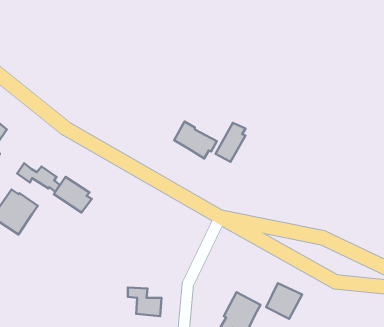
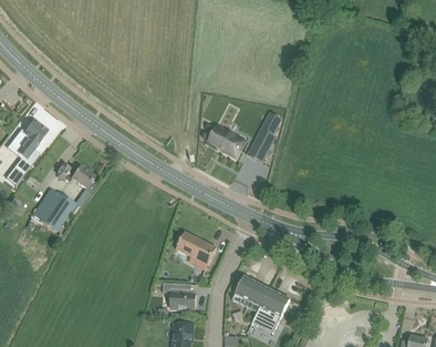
building: [54,177,92,213] -> none
building: none -> [176,231,216,268]
building: [266,283,302,319] -> [232,275,267,309]

